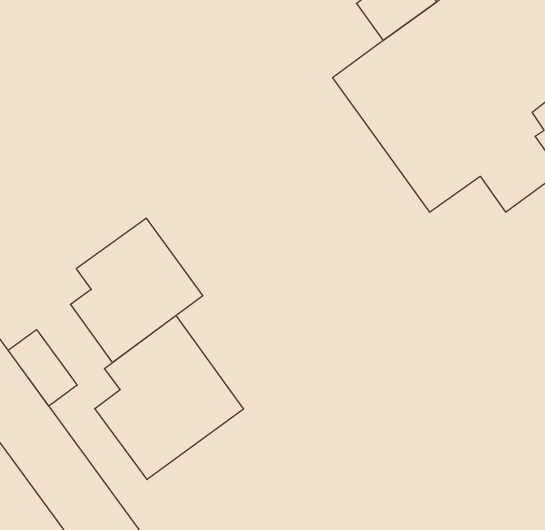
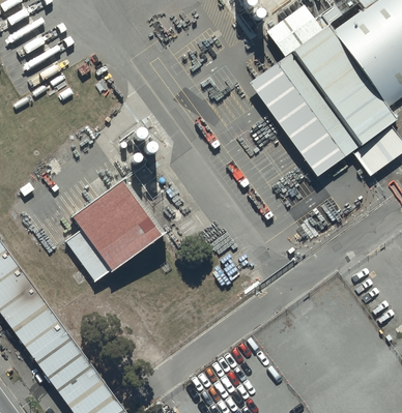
building: [95,316,243,480] -> none
building: [8,330,77,406] -> none

